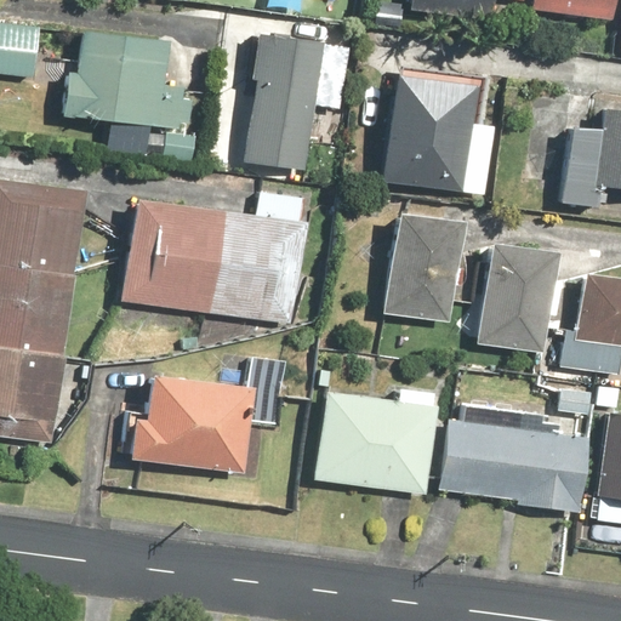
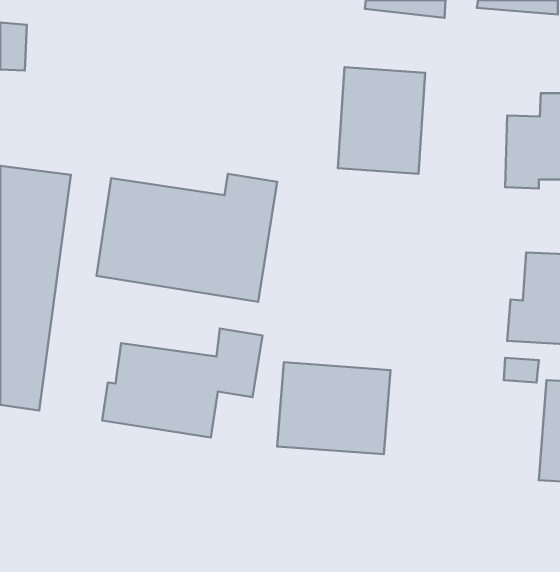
building: [245,15,351,165] -> none
building: [61,28,204,161] -> none
building: [381,207,458,321] -> none
building: [478,244,549,351] -> none
building: [437,404,588,513] -> none

